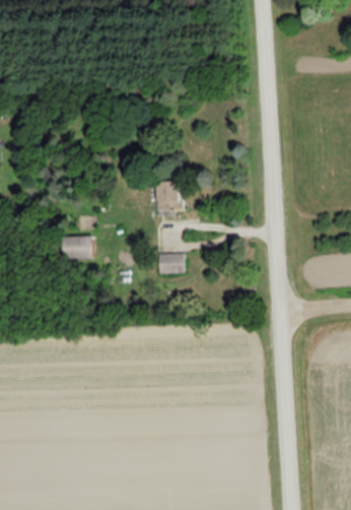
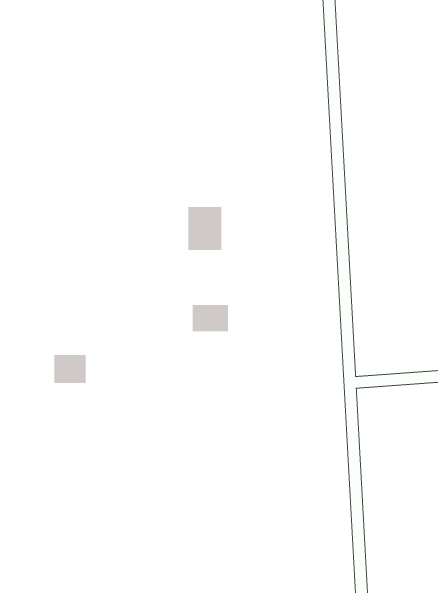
building: [63,236,87,257] -> [53,354,87,383]

